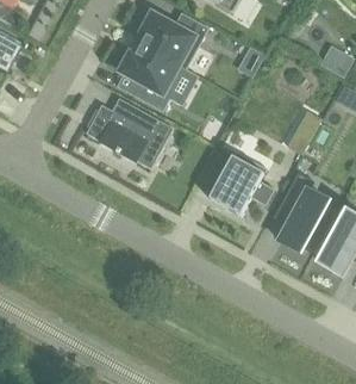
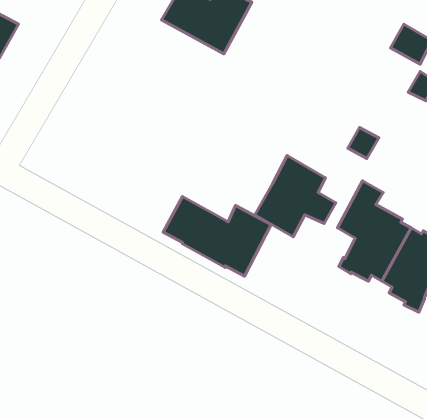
building: [120,41,186,110] -> none
building: [86,104,173,168] -> [163,197,271,276]

